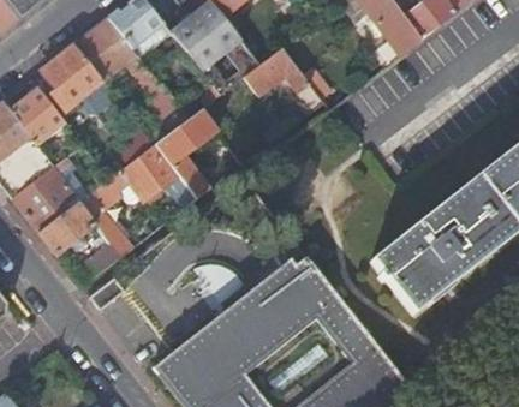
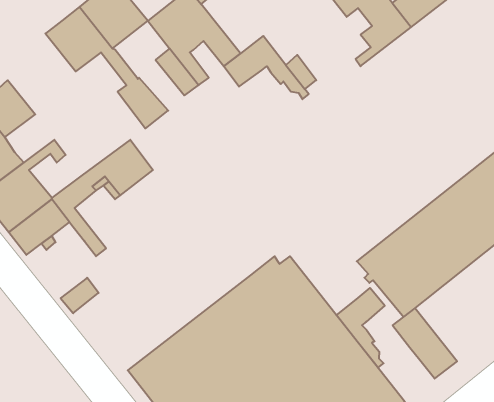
building: [41,44,103,107] -> none
building: [155,110,217,199] -> none
building: none -> [336,288,385,368]
building: none -> [393,308,457,379]

